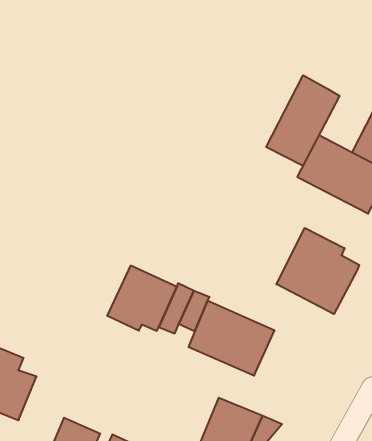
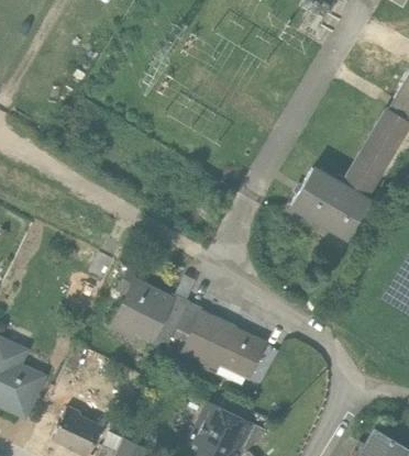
building: [266,75,340,166] -> none
building: [276,228,359,314] -> none

